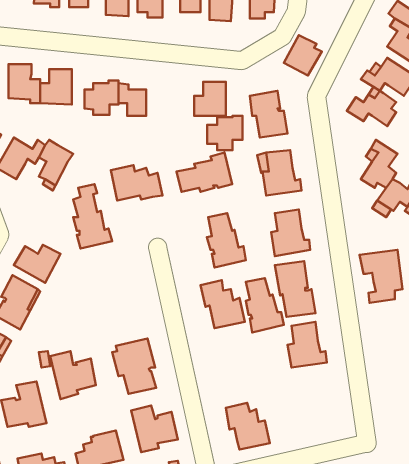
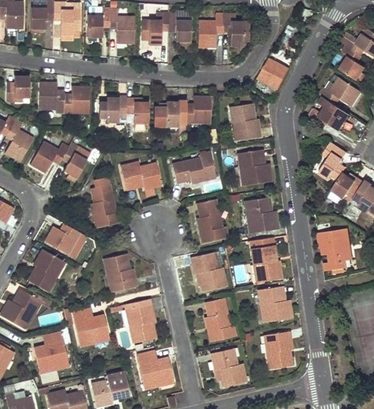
building: [207,116,243,150] -> [158,100,186,127]
building: [246,278,284,333] -> [205,299,235,342]
building: none -> [103,254,136,292]
building: none -> [267,331,292,369]

